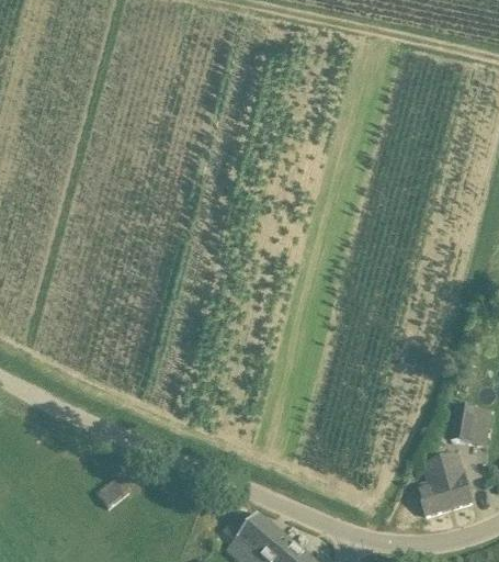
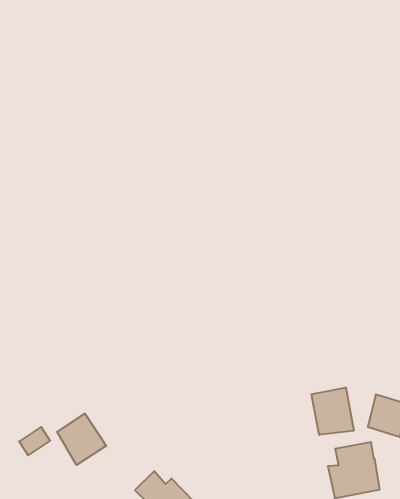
building: none -> [311,387,354,435]
building: none -> [57,413,106,465]

